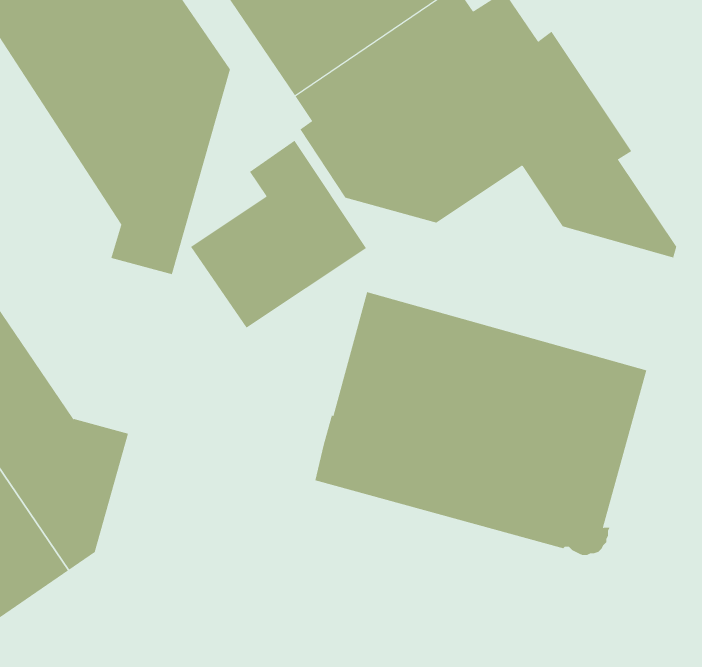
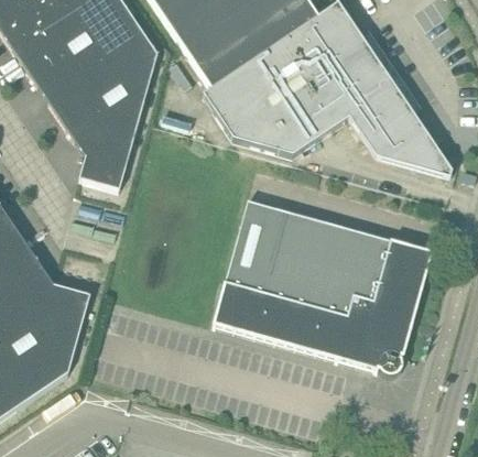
building: [190,140,367,329] -> none

